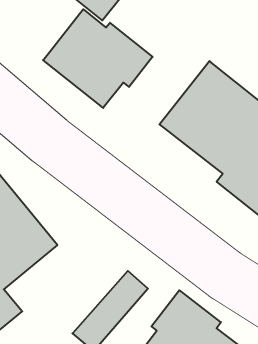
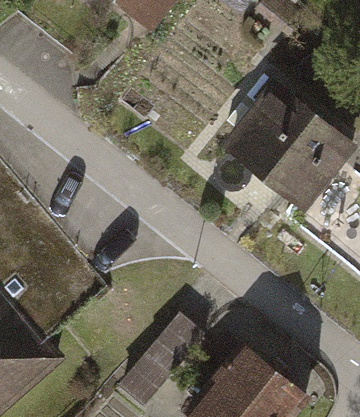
building: [43,9,153,108] -> none

